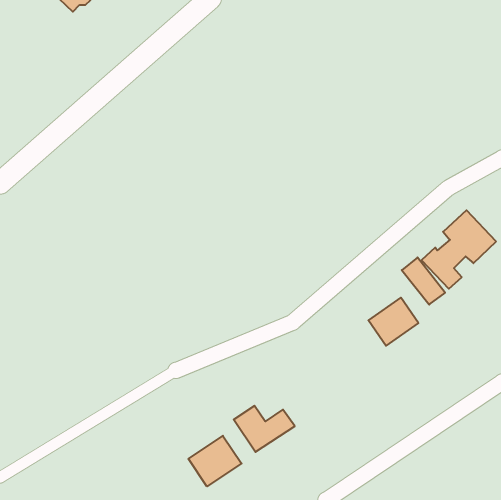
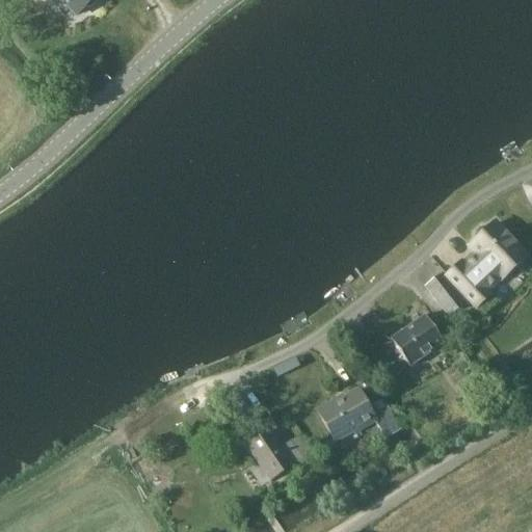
building: none -> [317,389,401,441]
building: [188,436,242,486] -> none

